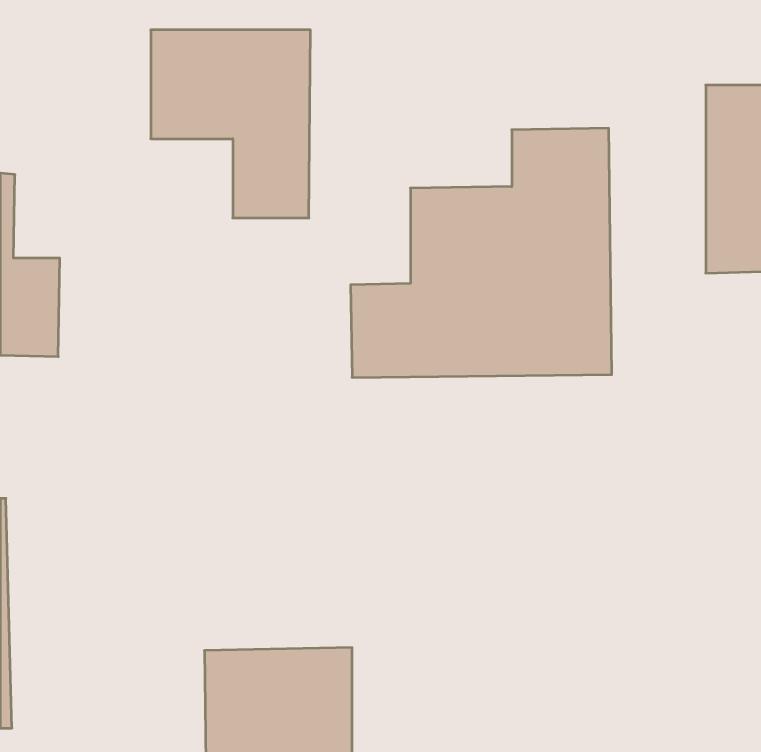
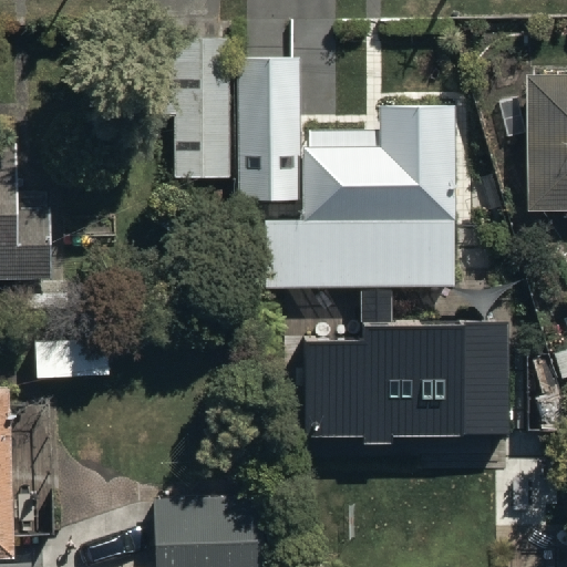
building: none -> [236,59,298,202]
building: none -> [301,332,512,443]

